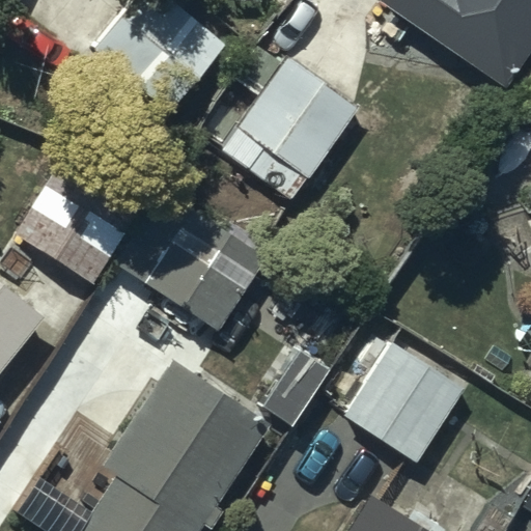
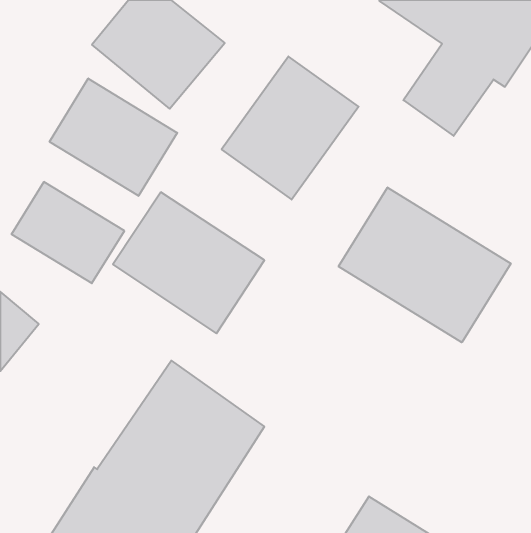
building: none -> [50,78,177,196]
building: none -> [339,187,511,342]
building: [344,341,466,463] -> none

